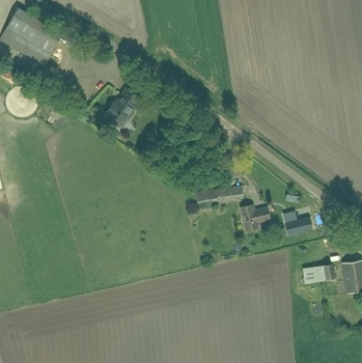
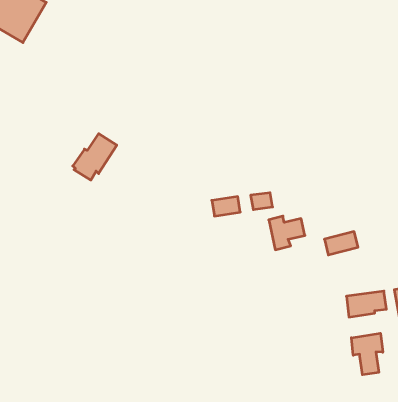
building: [105,87,140,124] -> [73,134,117,180]
building: none -> [351,333,383,375]

